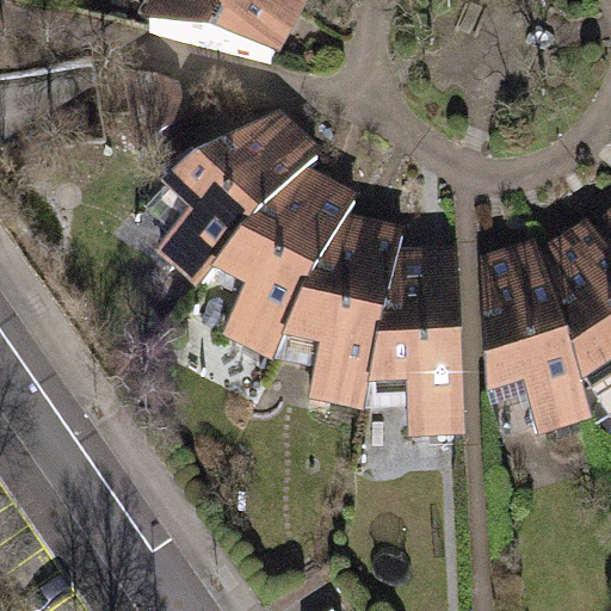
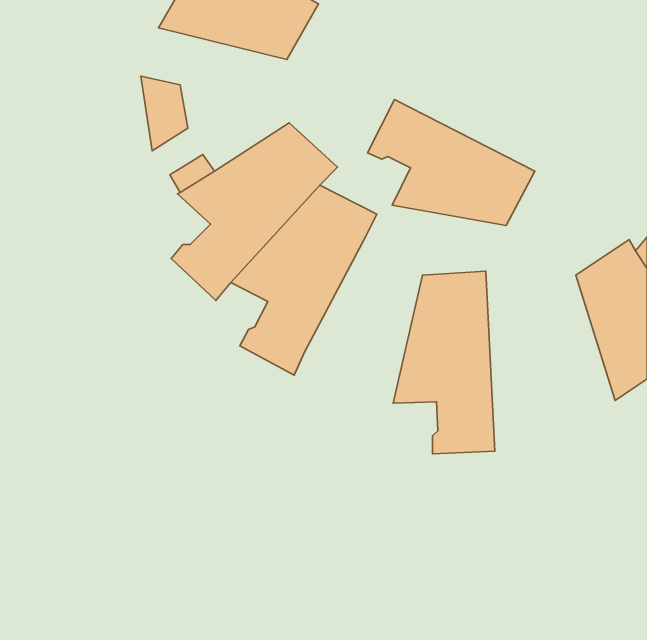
building: none -> [368,99,535,225]
building: [286,223,402,401] -> none
building: [480,248,590,426] -> none

